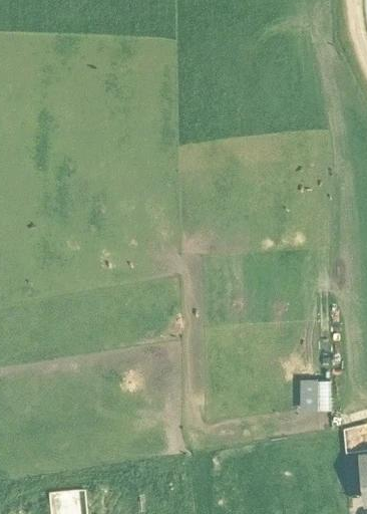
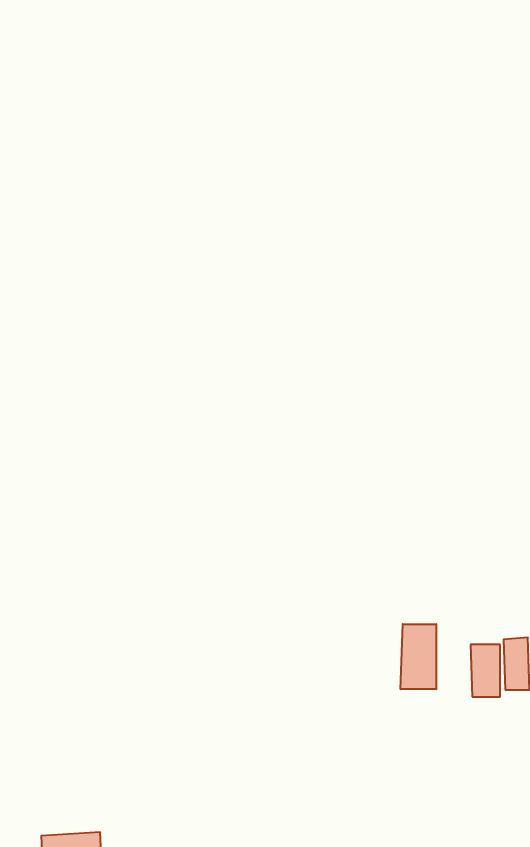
building: none -> [401,624,436,689]

